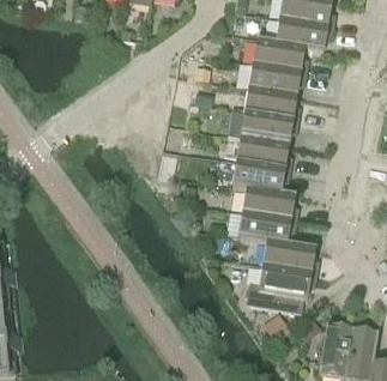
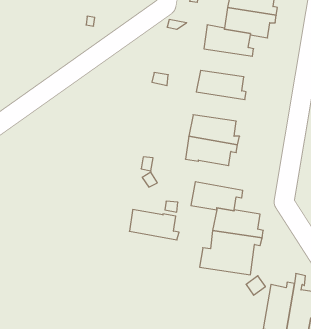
building: [248,62,306,93] -> none
building: [240,110,297,143] -> none
building: [242,186,297,219] -> [129,210,179,240]

